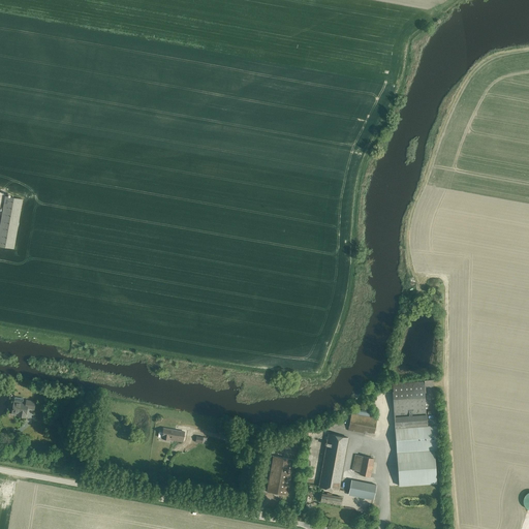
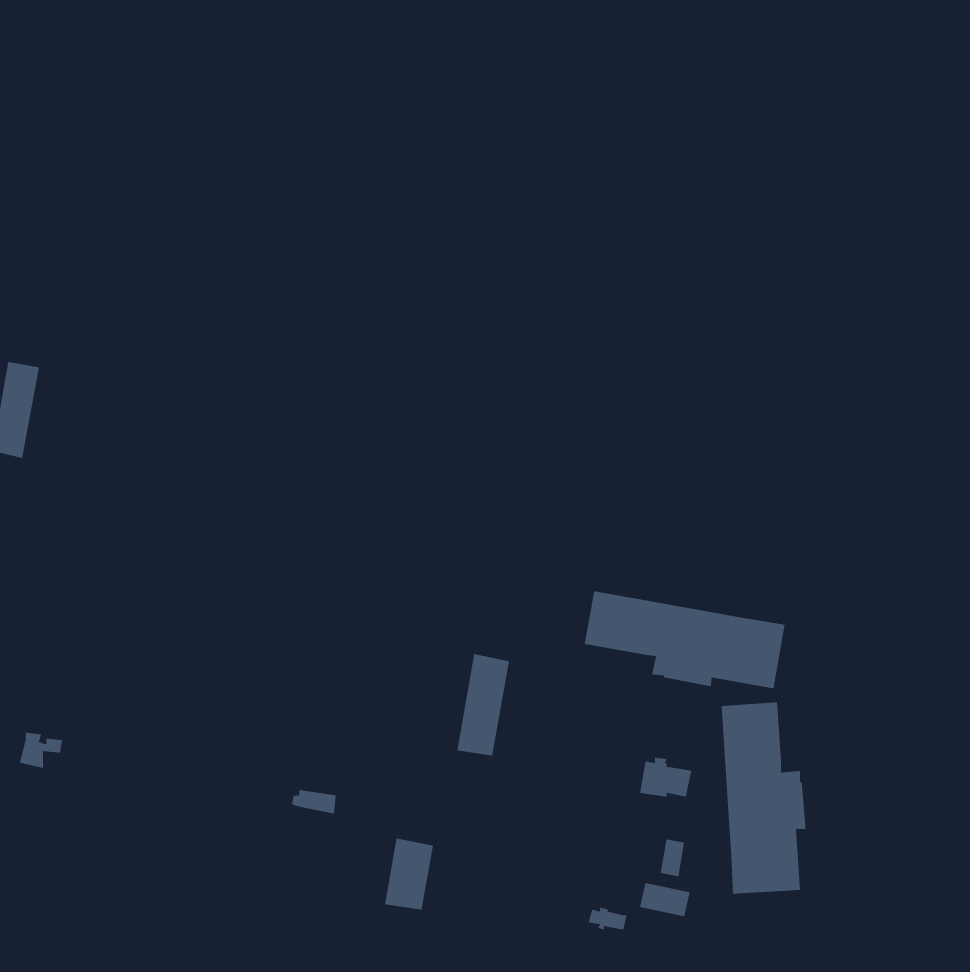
building: none -> [584,590,785,689]
building: [318,434,347,490] -> [457,653,510,756]
building: [266,456,292,495] -> [384,838,434,910]

